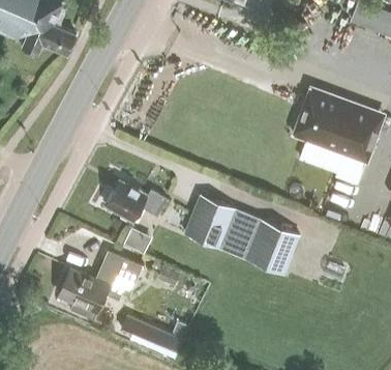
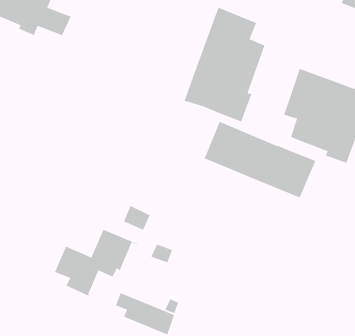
building: none -> [184,7,265,122]
building: [106,181,166,223] -> none
building: [185,196,300,275] -> [204,121,316,198]

